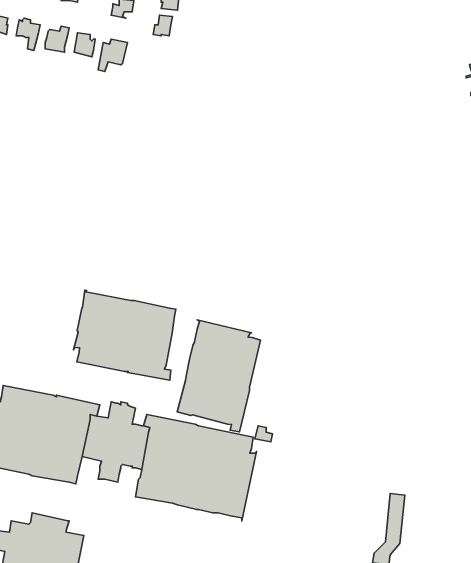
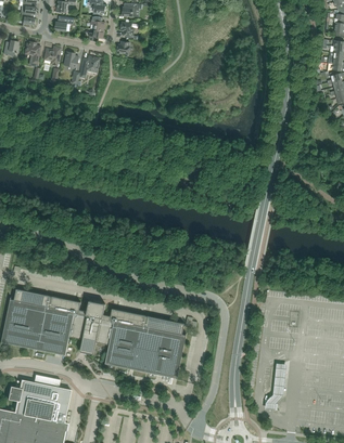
building: [74,290,176,380] -> none
building: [177,320,261,432] -> none

